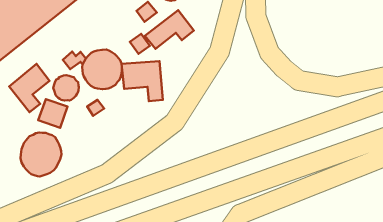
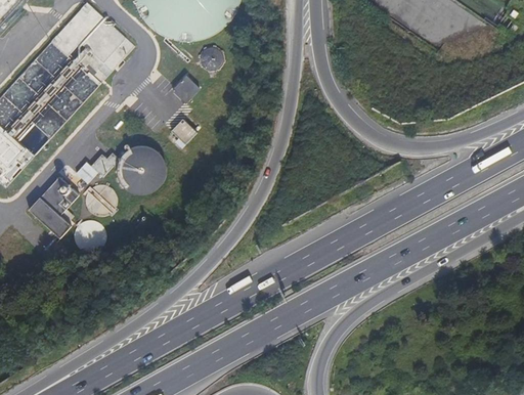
building: [145,10,194,49] -> none
building: [121,61,163,101] -> none
building: [20,132,61,176] -> none

